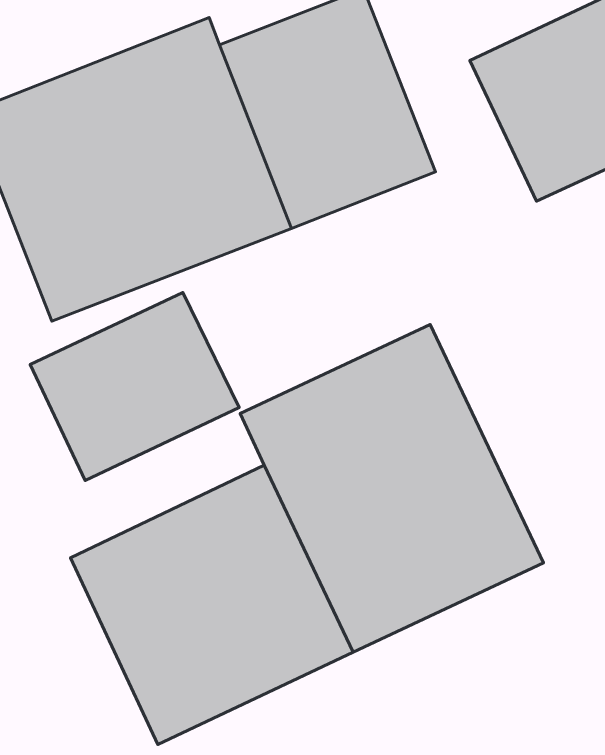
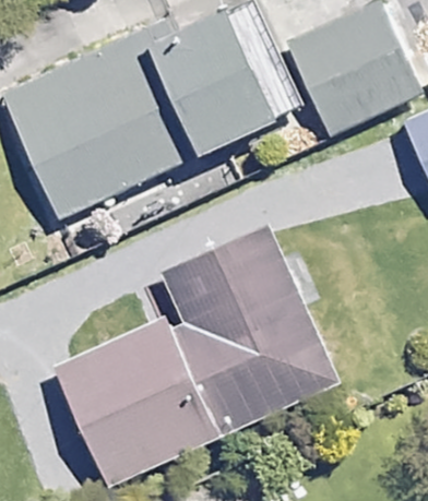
building: [30,292,239,481] -> none

